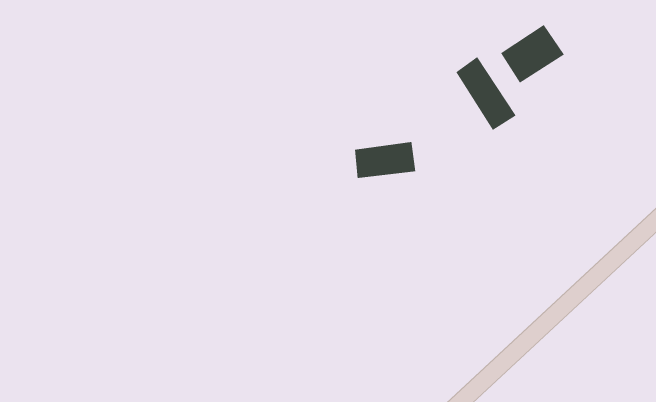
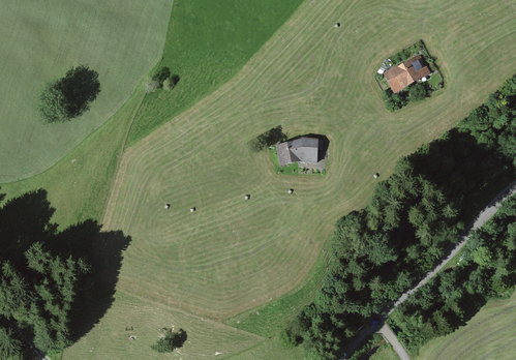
building: [456,56,516,131] -> none

